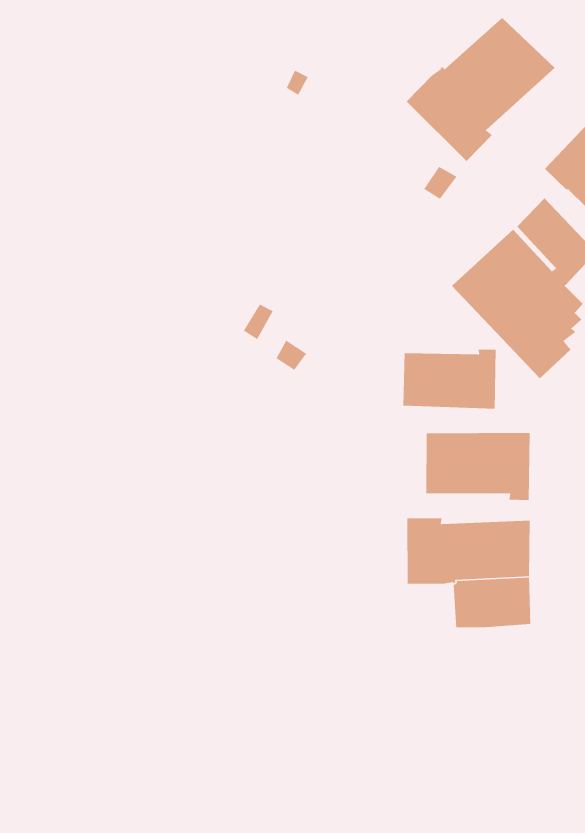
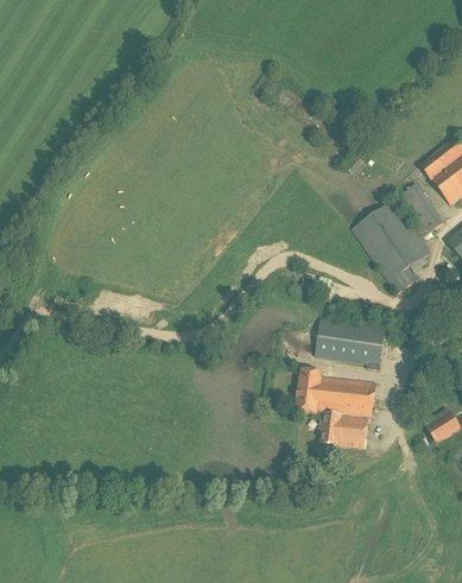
building: [406,17,556,162] -> none
building: [402,349,496,410] -> none

